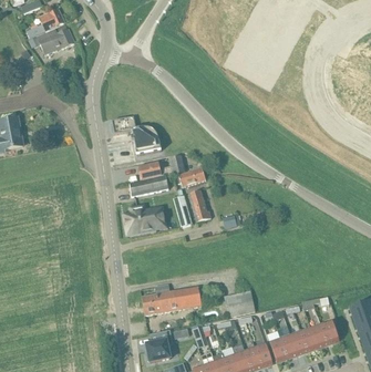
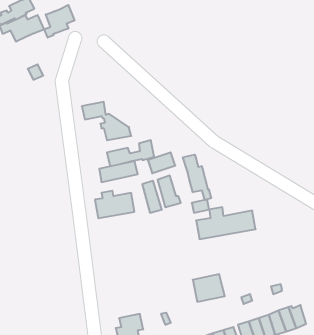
building: none -> [44,5,74,38]
building: none -> [183,155,211,200]
building: [142,282,202,314] -> [196,207,256,239]

